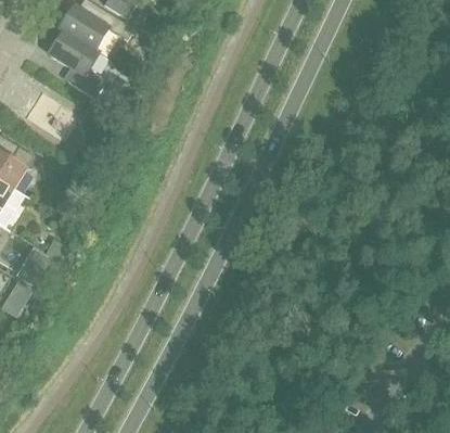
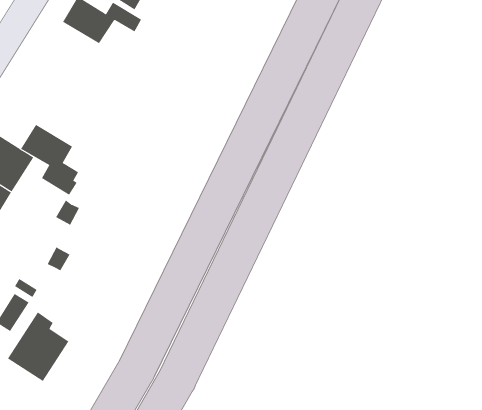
building: [49,29,103,98] -> [20,122,79,196]
building: none -> [7,311,69,382]

